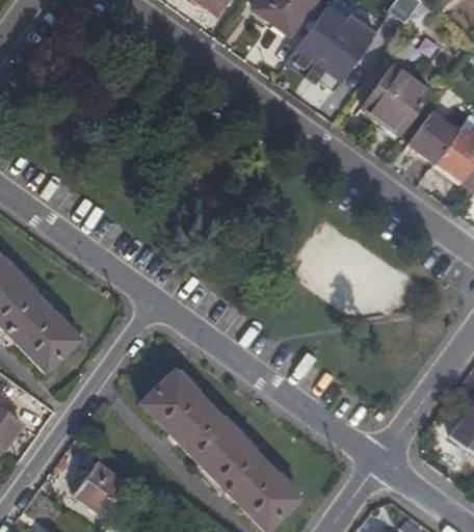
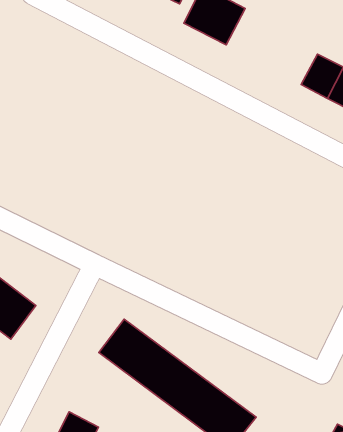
building: [363,65,429,133] -> none

